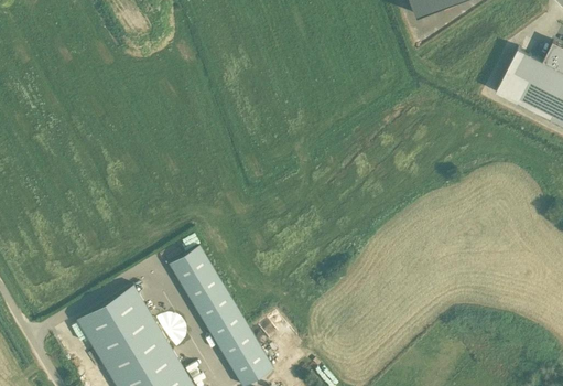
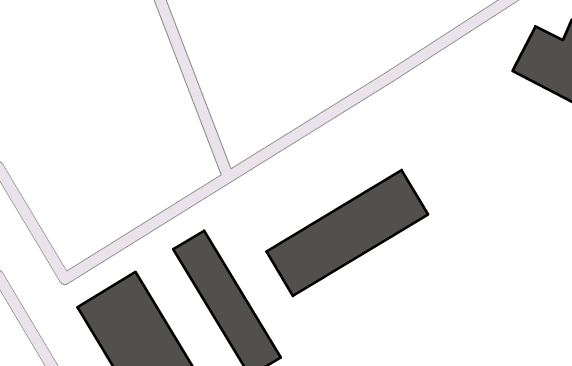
building: none -> [266,170,428,296]

